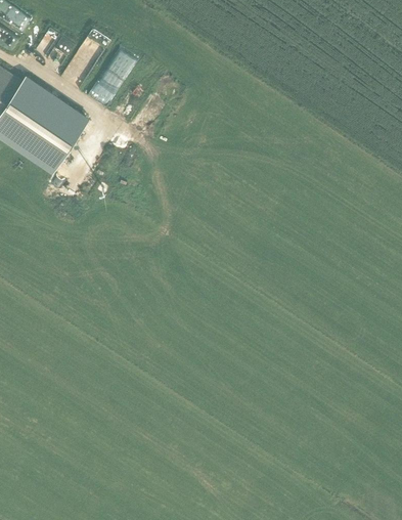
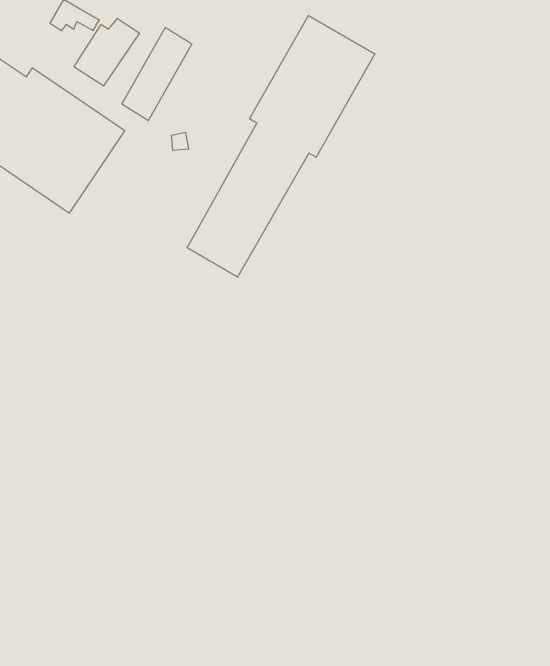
building: none -> [187,15,375,277]

